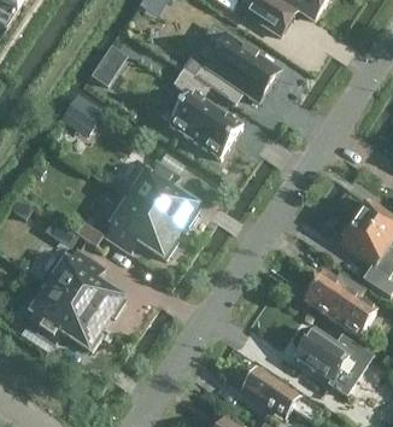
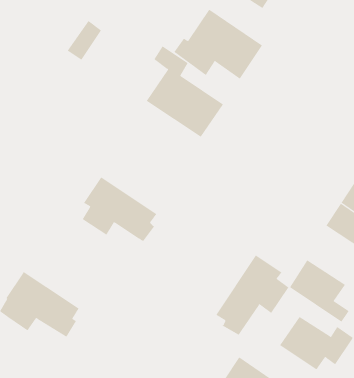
building: [63,95,101,133] -> none
building: [124,162,198,230] -> none
building: [42,250,124,321] -> none
building: none -> [216,255,289,336]

